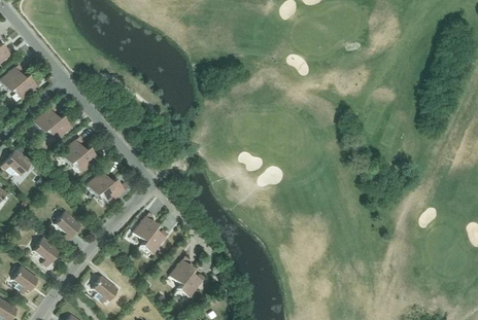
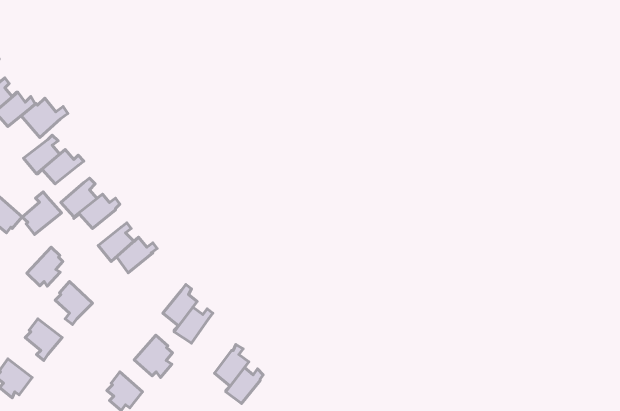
building: none -> [21,98,68,137]
building: none -> [22,192,61,234]
building: none -> [27,247,63,286]
building: none -> [134,335,173,377]

